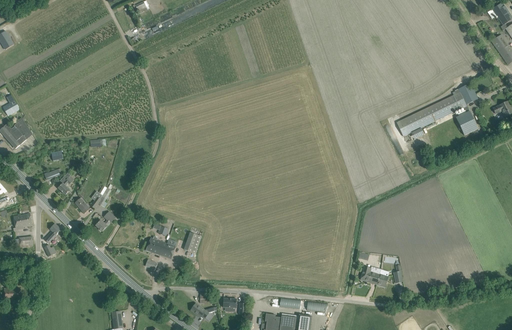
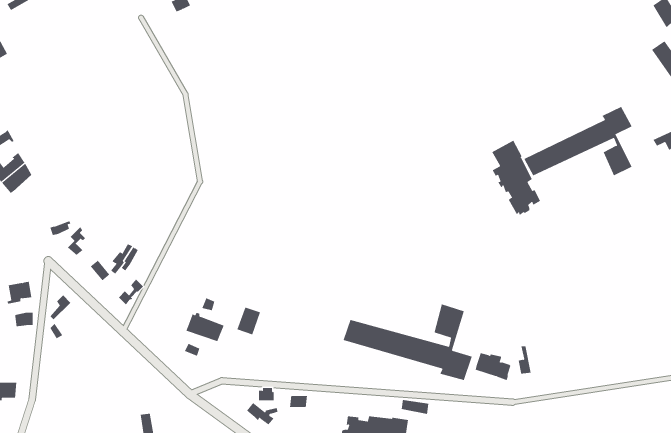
building: none -> [491,140,541,216]
building: none -> [343,304,472,381]

